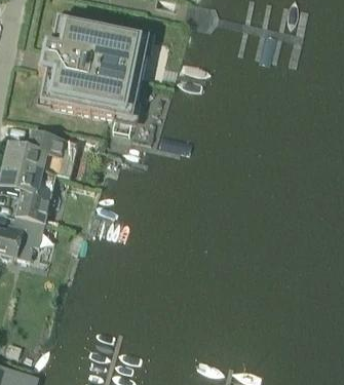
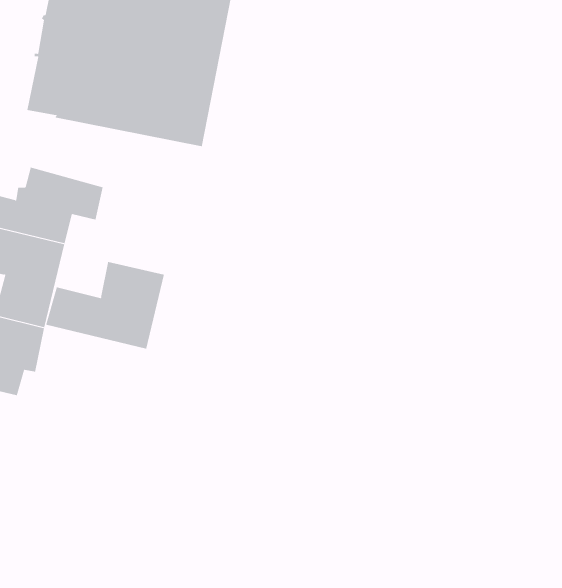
building: none -> [46,261,165,349]

